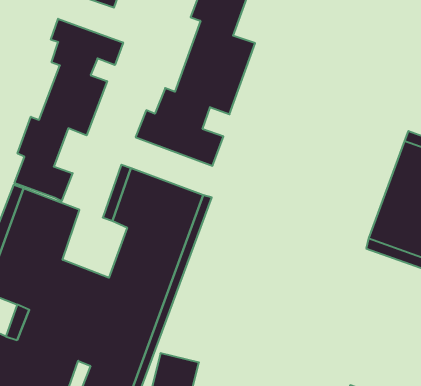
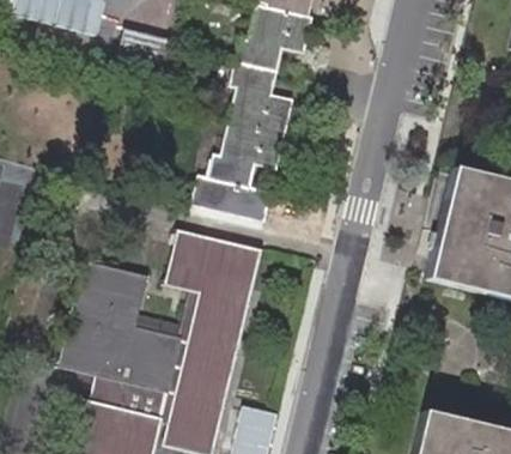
building: [15,19,123,201] -> none

